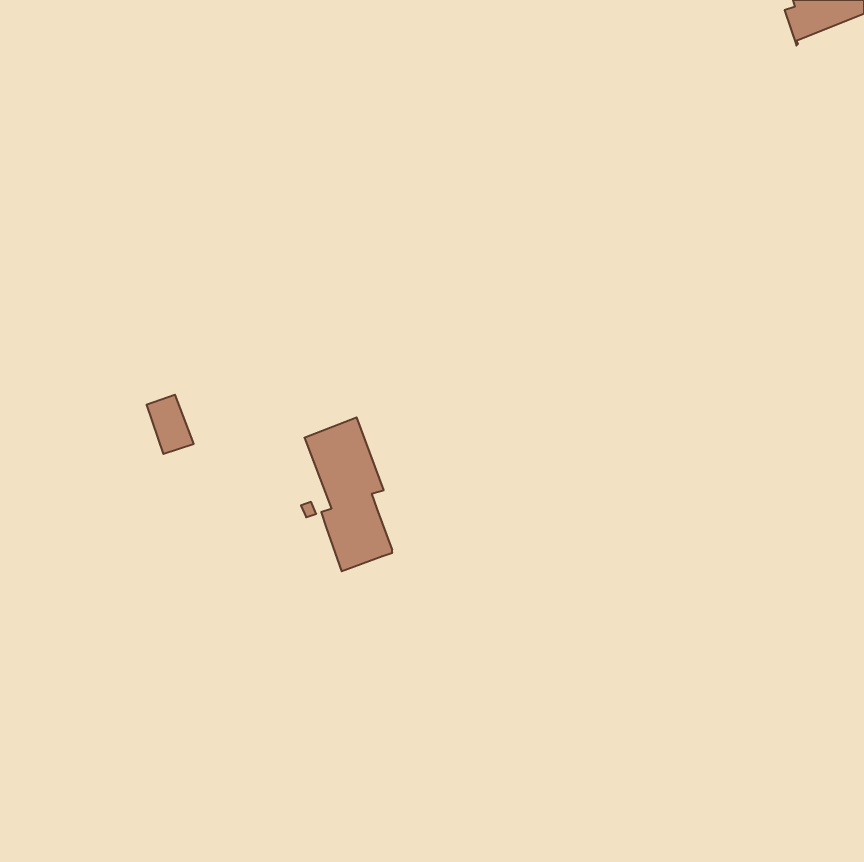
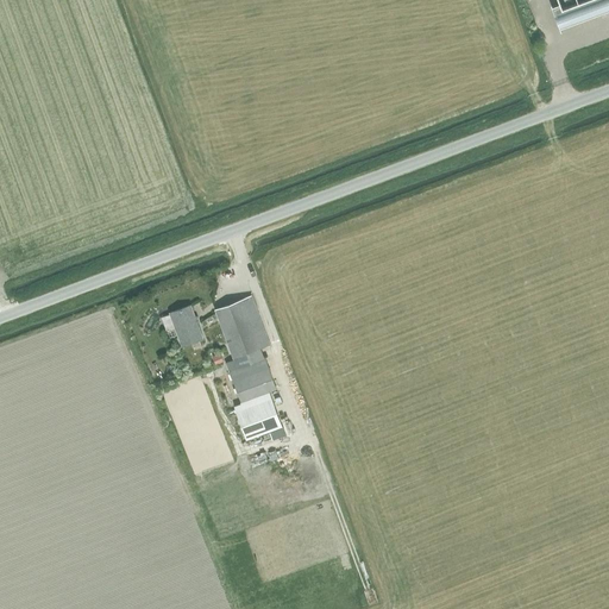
building: [146,395,194,454] -> [170,306,203,347]
building: none -> [233,393,282,440]

